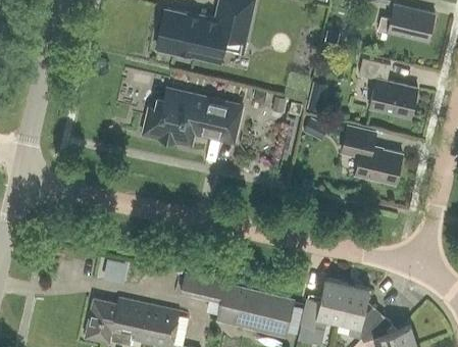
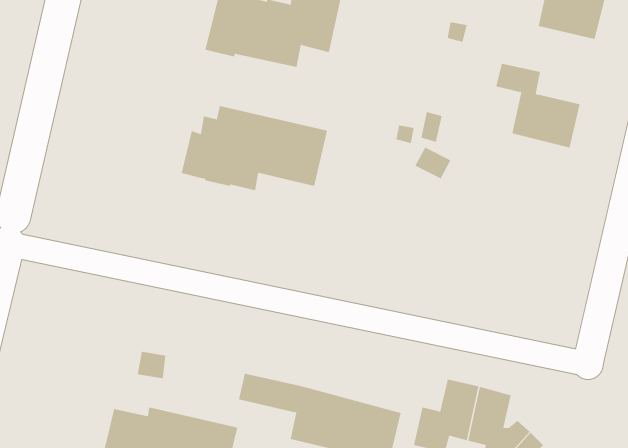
building: [342,126,403,185] -> none

